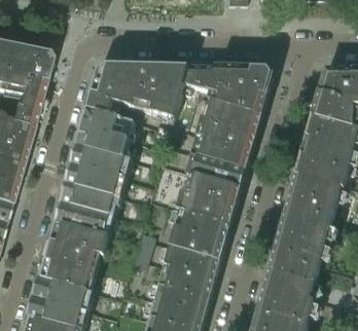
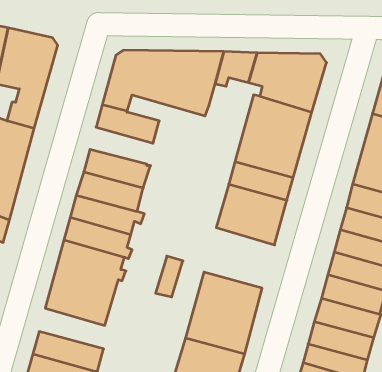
building: [77,125,130,156] -> none
building: [172,209,230,259] -> none
building: [35,275,94,309] -> none

